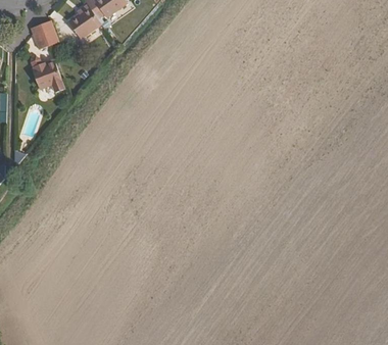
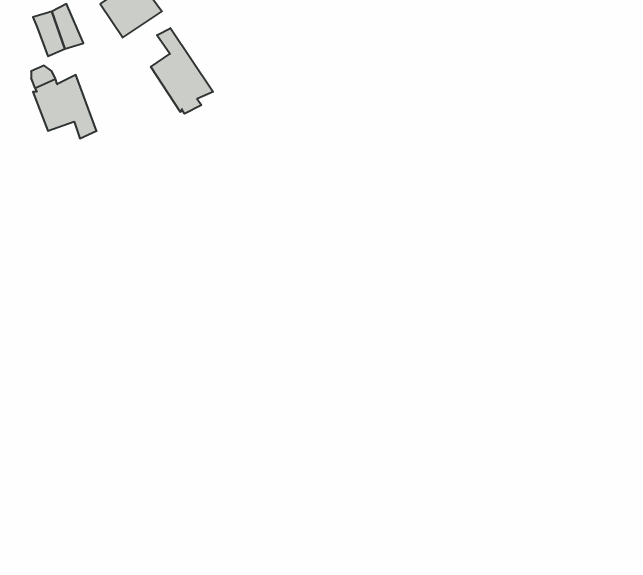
building: none -> [151,28,213,114]

